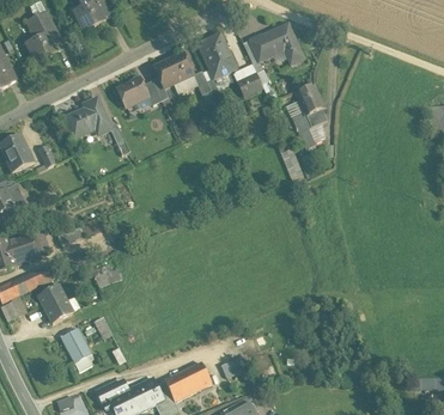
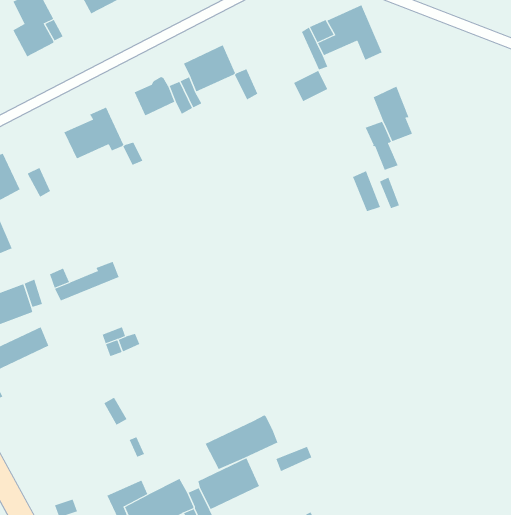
building: [196,32,236,79] -> none
building: [37,285,72,322] -> none
building: [61,329,90,361] -> none
building: none -> [205,415,278,470]

